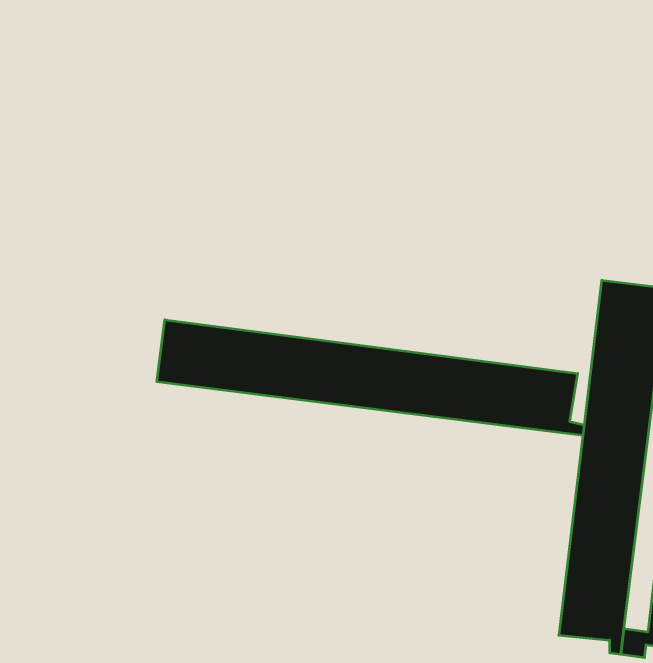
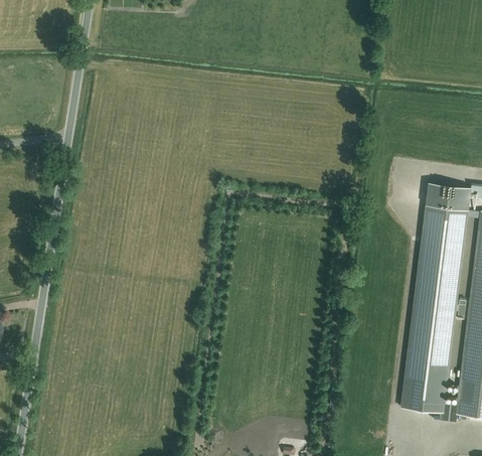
building: [157,320,584,435] -> none

